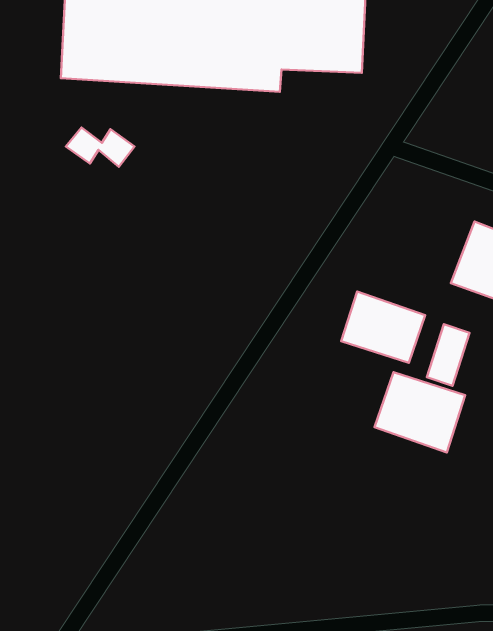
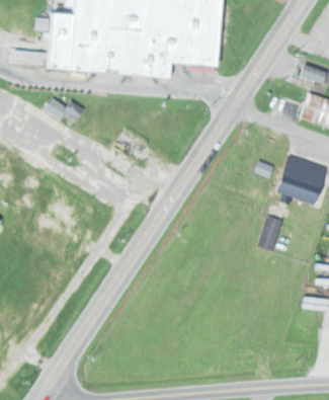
building: [341,291,425,363] -> none
building: [375,372,465,452] -> none

